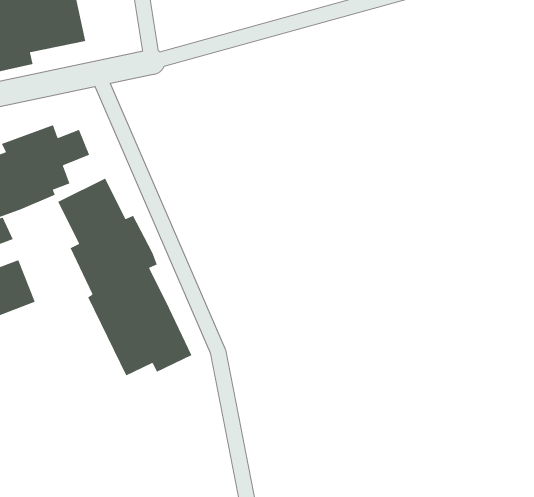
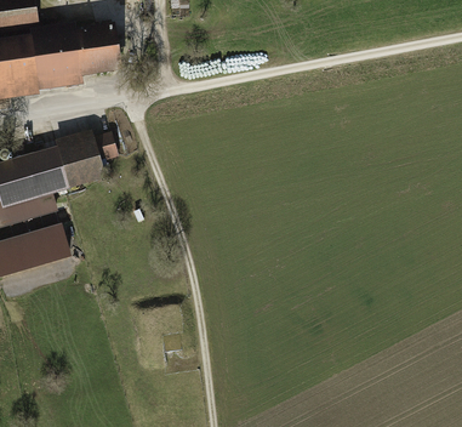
building: [57,178,193,376] -> none

